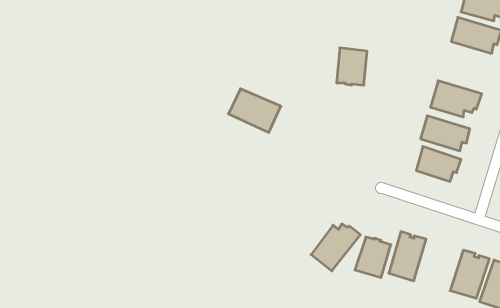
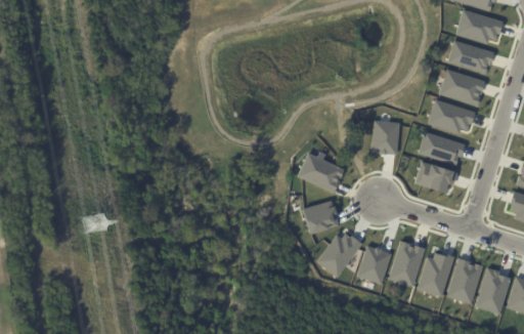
building: [337,48,367,85] -> [372,119,400,154]
building: none -> [438,68,485,106]
building: [228,89,281,132] -> [296,152,345,193]
building: none -> [302,200,339,234]
building: none -> [417,252,453,295]

